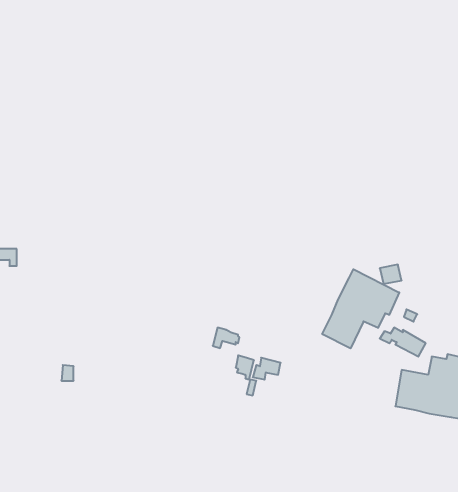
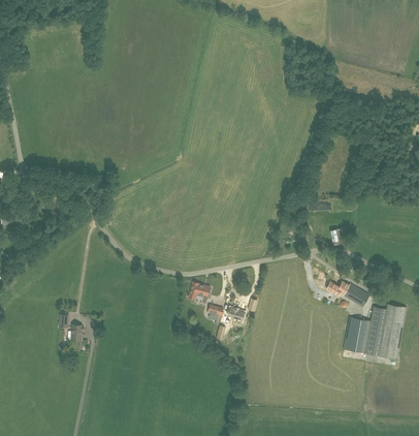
building: [322,269,399,348] -> none

